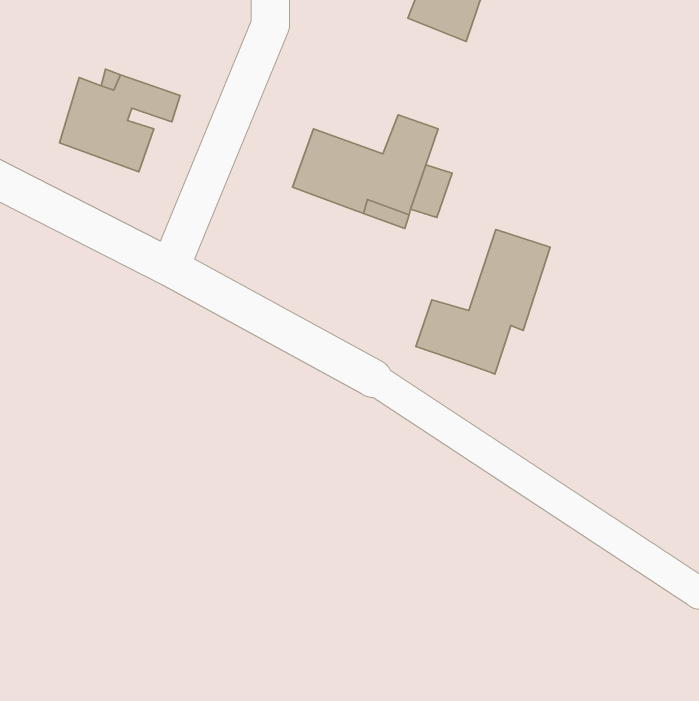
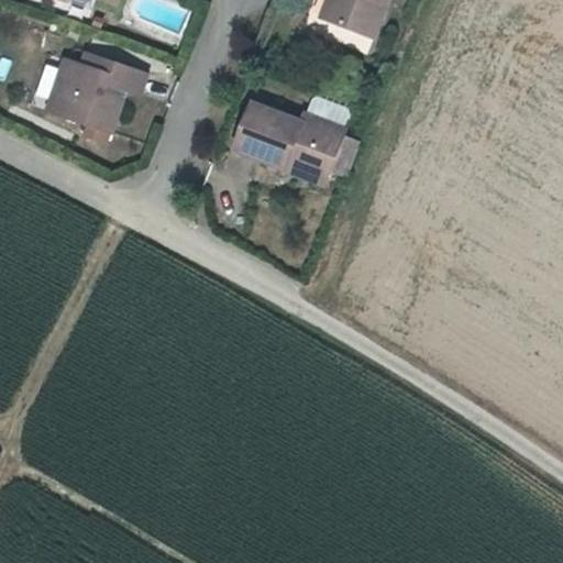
building: [416,229,550,374] -> none

